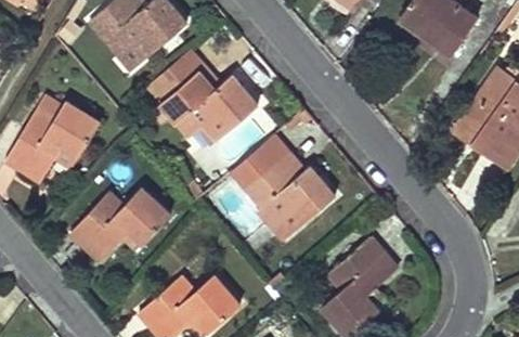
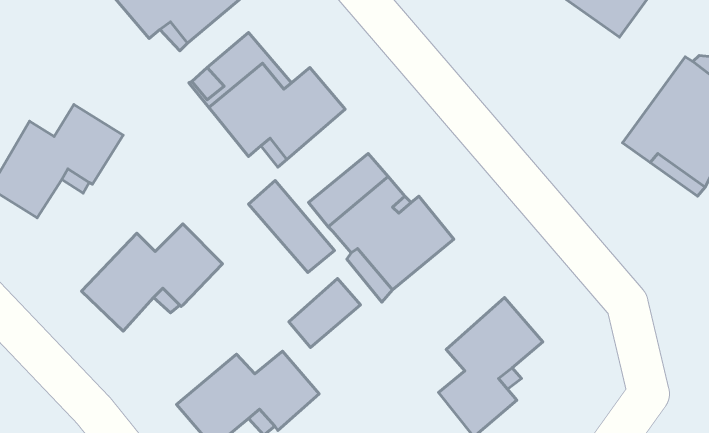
building: none -> [249,181,334,272]
building: none -> [289,279,361,348]

